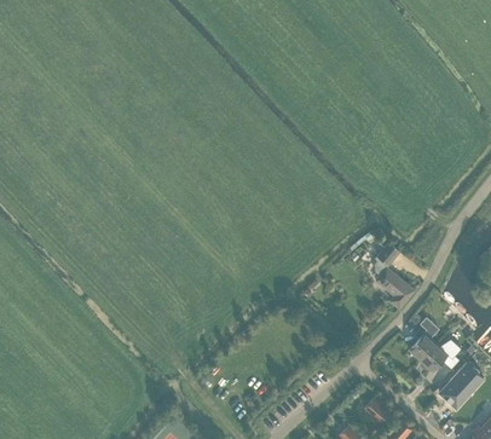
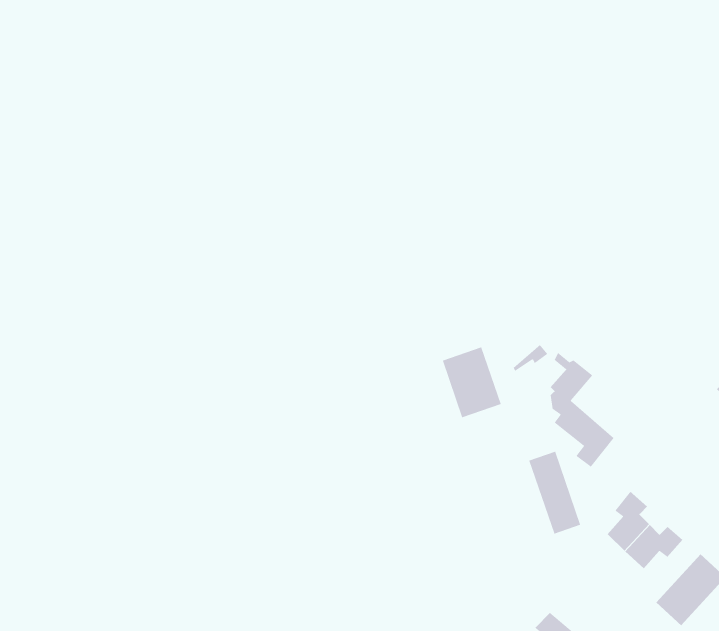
building: none -> [442,347,501,418]
building: none -> [529,451,581,535]

